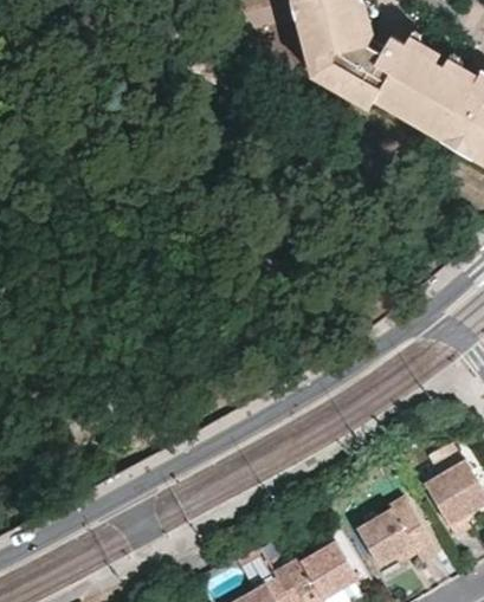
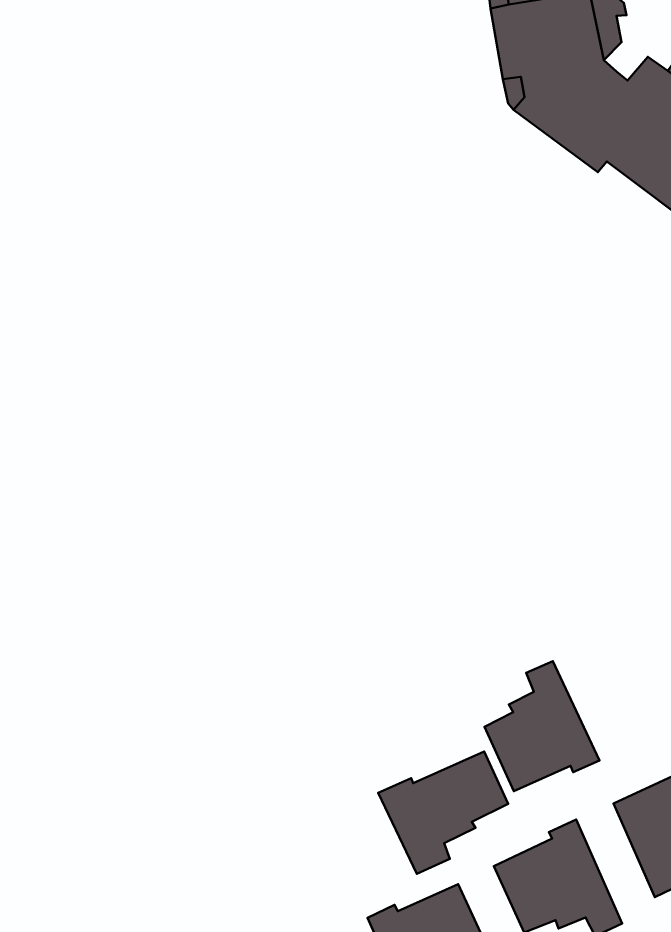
building: none -> [484,661,600,791]
building: none -> [378,751,508,874]

